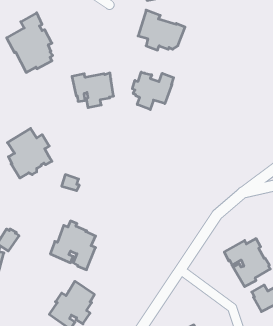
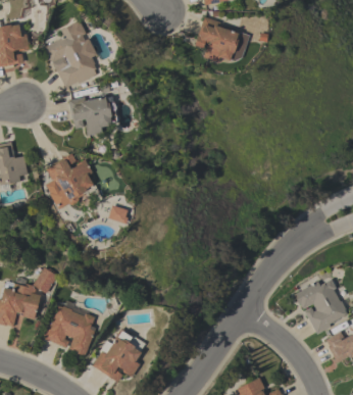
building: [132,72,174,110] -> none
building: [72,73,114,108] -> [68,96,116,136]
building: [50,221,96,270] -> [43,300,95,356]

